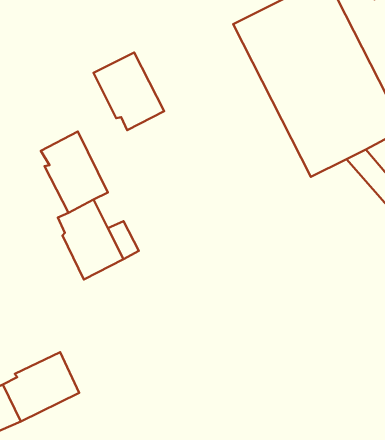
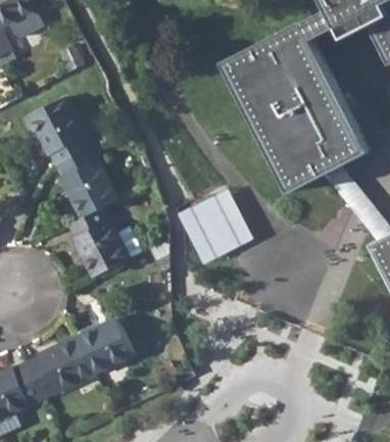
building: [94,53,164,130] -> [30,102,90,168]
building: none -> [181,191,257,267]
building: none -> [75,322,132,376]

